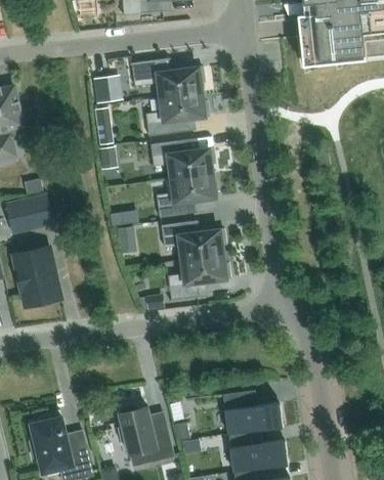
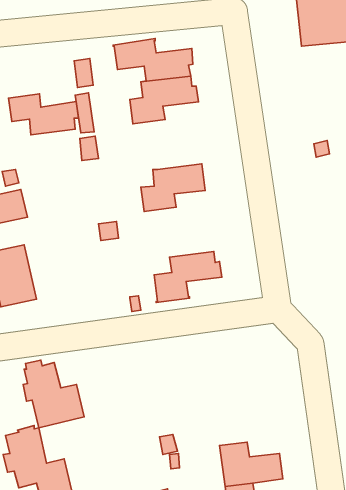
building: [151,140,215,178] -> [9,94,78,135]
building: [161,221,225,259] -> none
building: [223,390,282,433] -> none
building: [118,404,174,467] -> [23,360,84,428]

